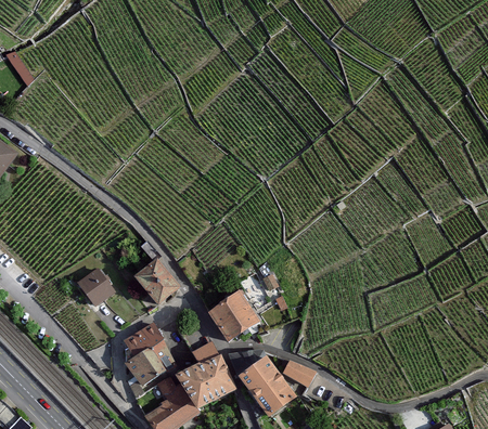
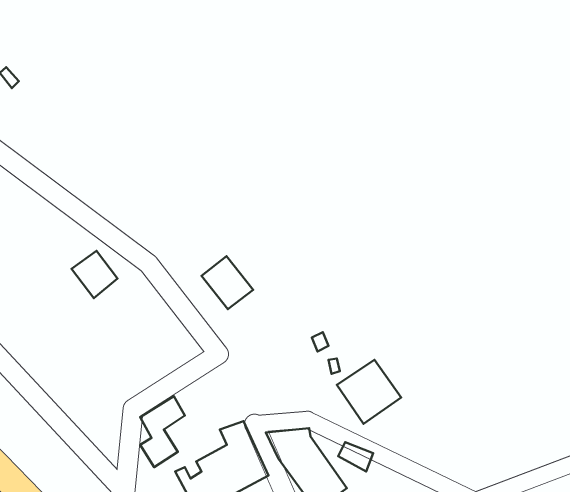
building: [141,262,181,303] -> [201,256,253,309]
building: [80,270,116,307] -> [72,251,118,298]
building: [211,295,261,344] -> [337,360,401,424]

